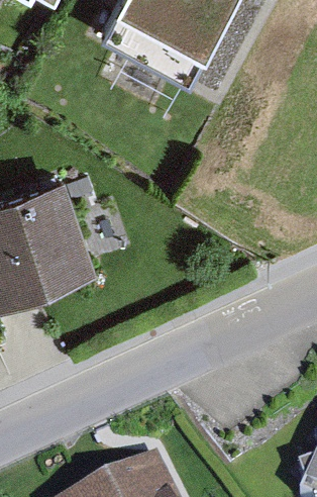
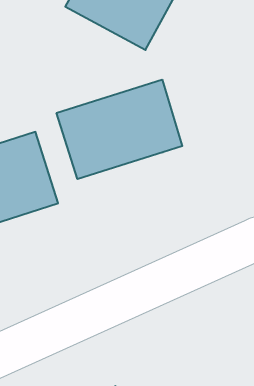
building: none -> [57,80,182,179]

